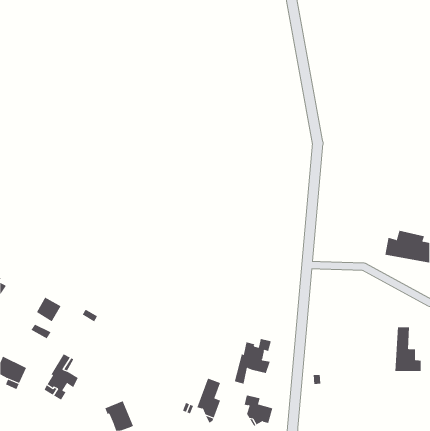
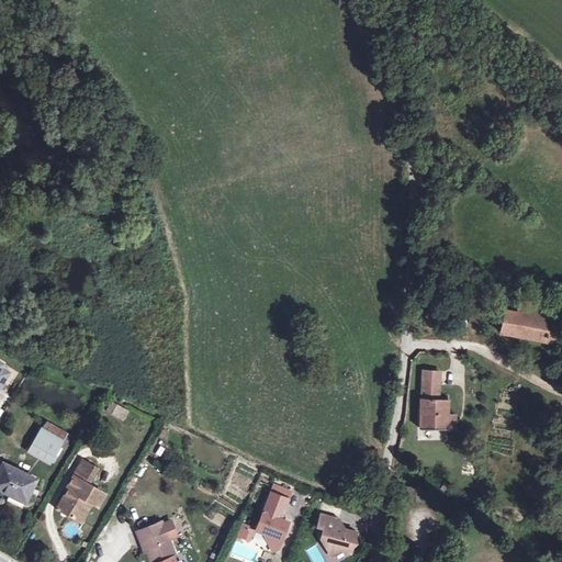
building: [36,297,62,322] -> [29,429,61,462]
building: [395,327,422,371] -> [419,371,454,429]
building: [234,338,271,385] -> none

